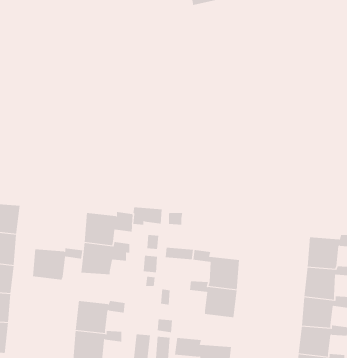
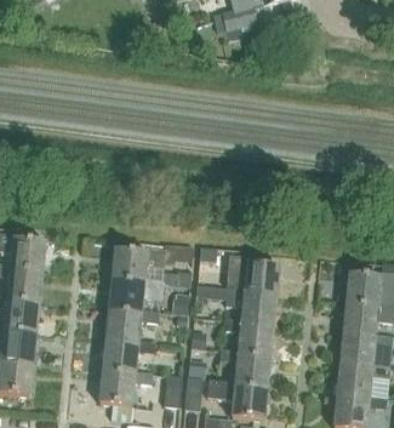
building: none -> [229,256,279,297]
building: [32,248,83,280] -> [105,309,159,343]
building: none -> [219,349,269,388]

